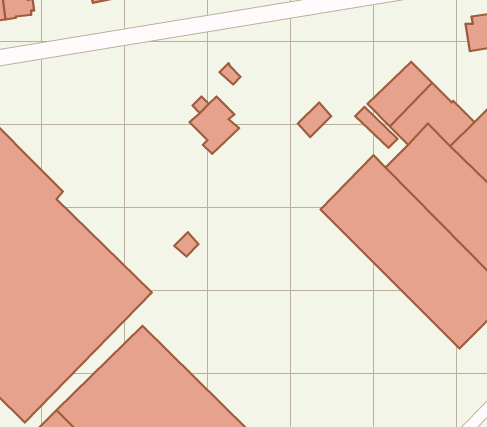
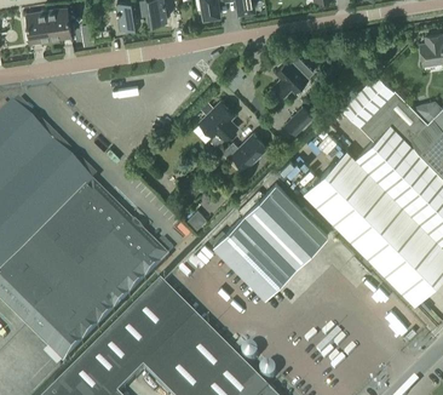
building: none -> [272,55,313,97]
building: none -> [222,134,266,170]
building: none -> [214,184,327,304]

